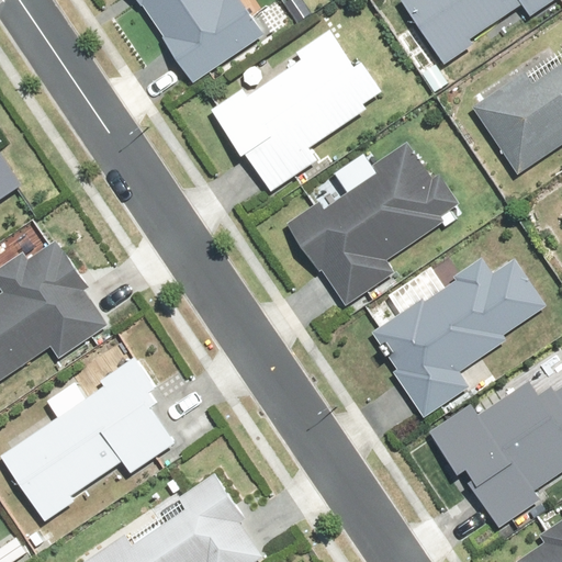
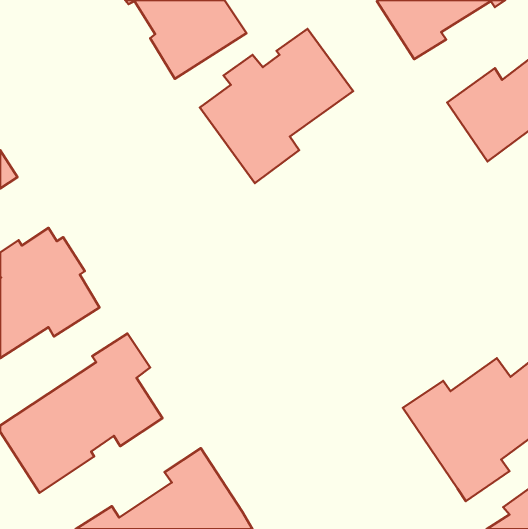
building: [290,140,457,307] -> none
building: [382,259,543,411] -> none

